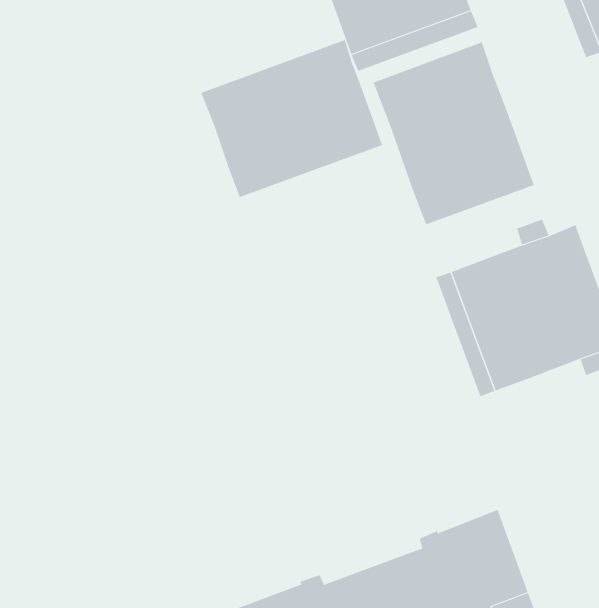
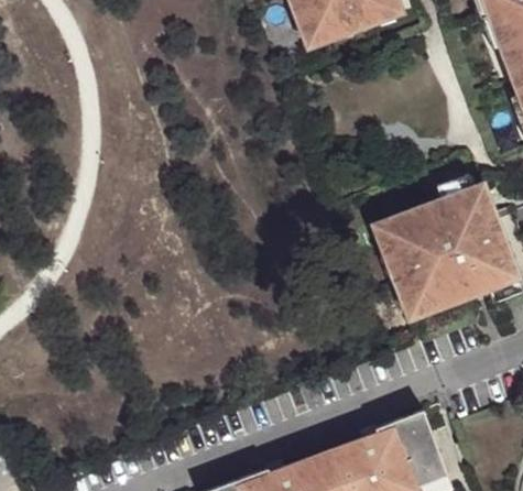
building: [200,39,383,198] -> none
building: [373,41,535,225] -> none

